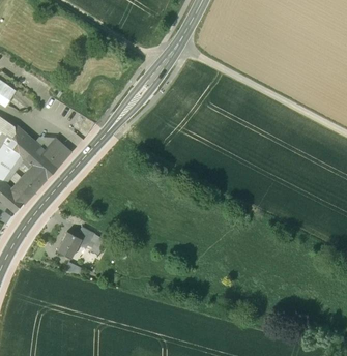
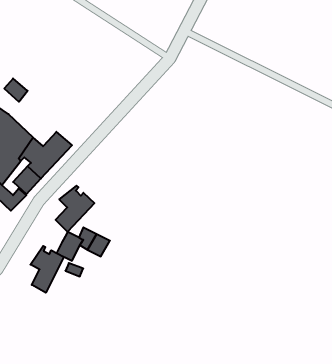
building: none -> [56,186,94,232]
building: none -> [30,246,64,293]

